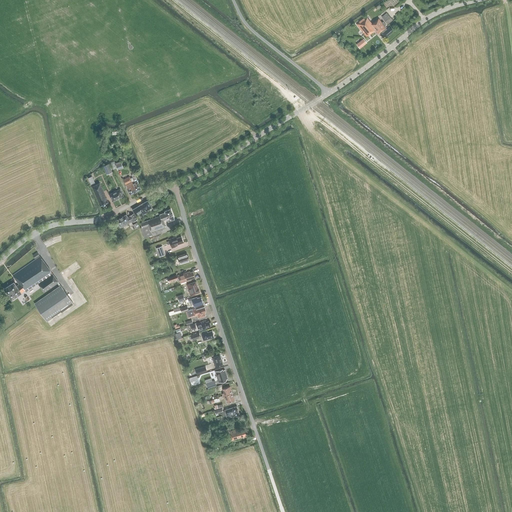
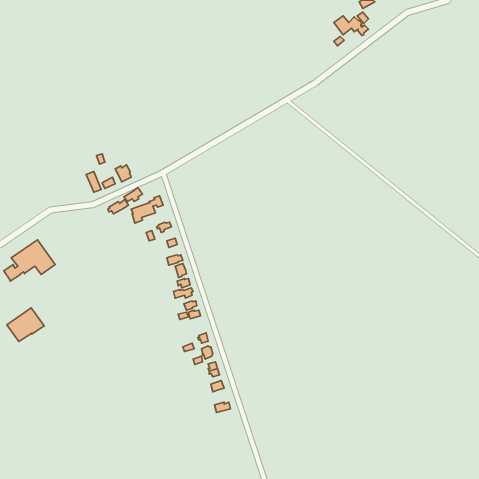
building: [34,285,74,321] -> [7,308,44,342]

